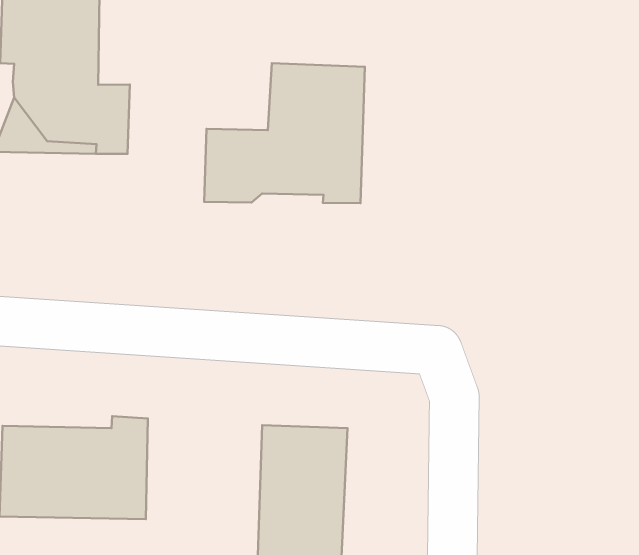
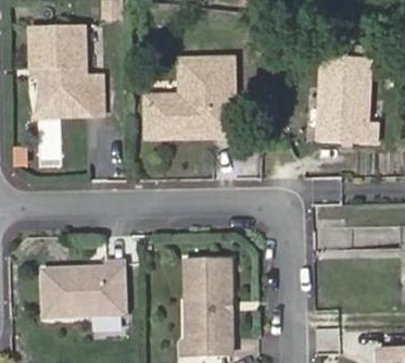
building: none -> [316,55,369,140]

